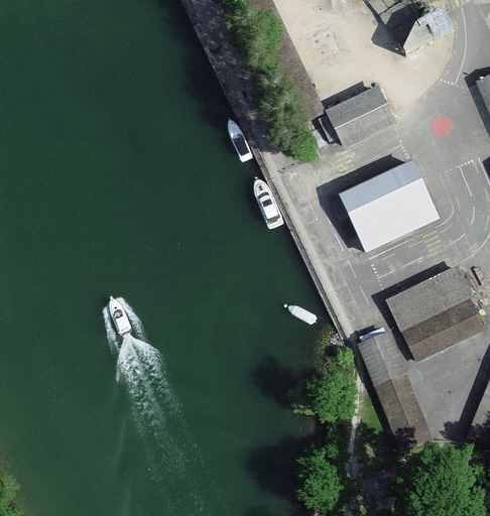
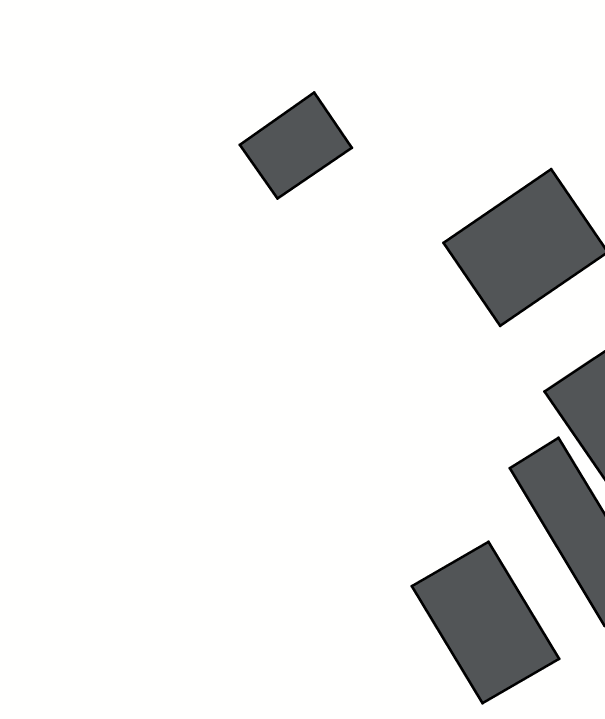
building: [326,84,395,146] -> [240,93,352,199]
building: none -> [412,542,559,703]

